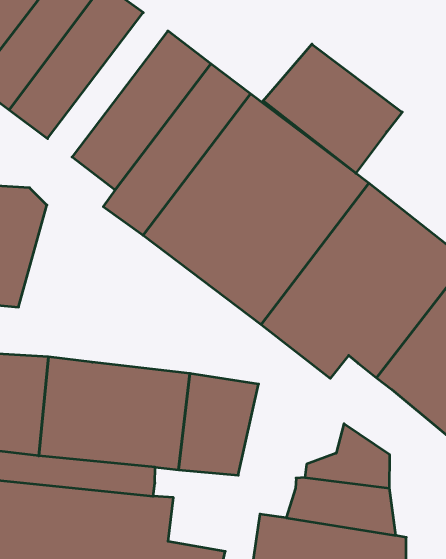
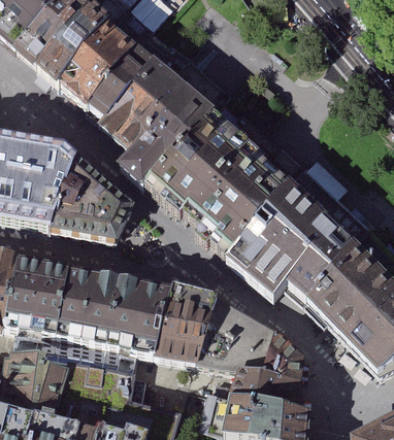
building: none -> [76,27,168,126]
building: [263,44,402,173] -> none
building: none -> [46,159,128,241]
building: none -> [194,298,272,374]

